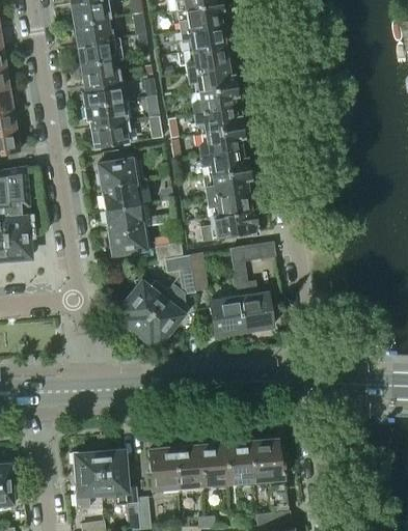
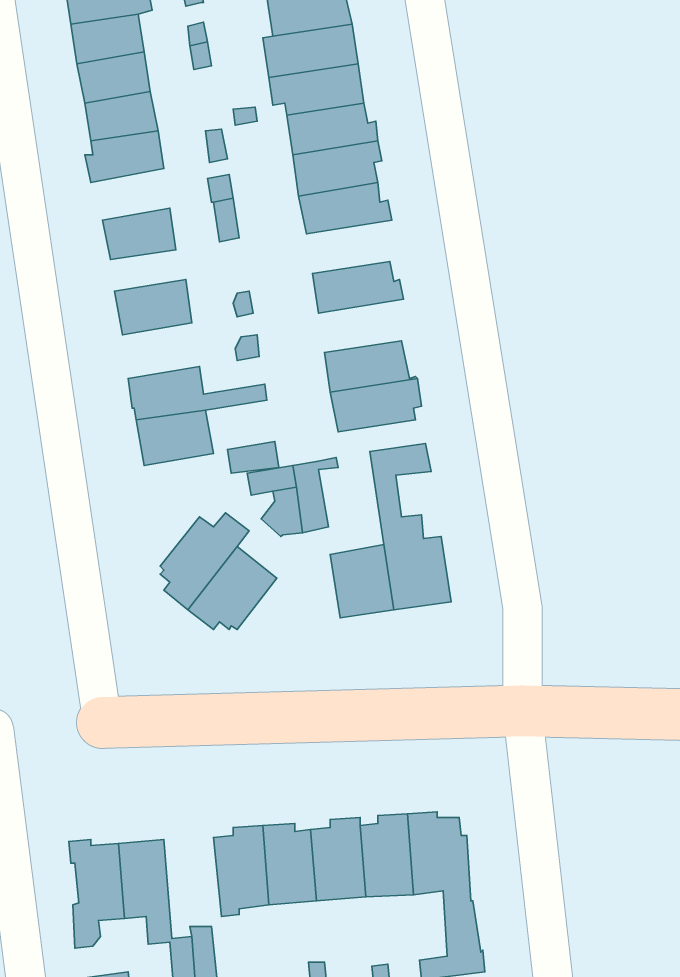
building: [85,100,127,127] -> none
building: [198,127,244,155] -> none
building: [205,168,251,196] -> none
building: [102,179,149,209] -> none

